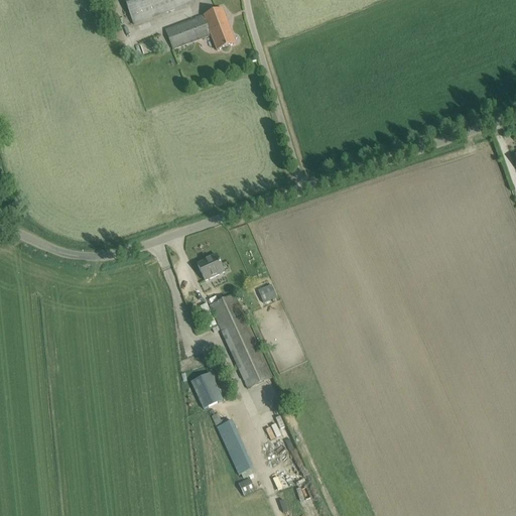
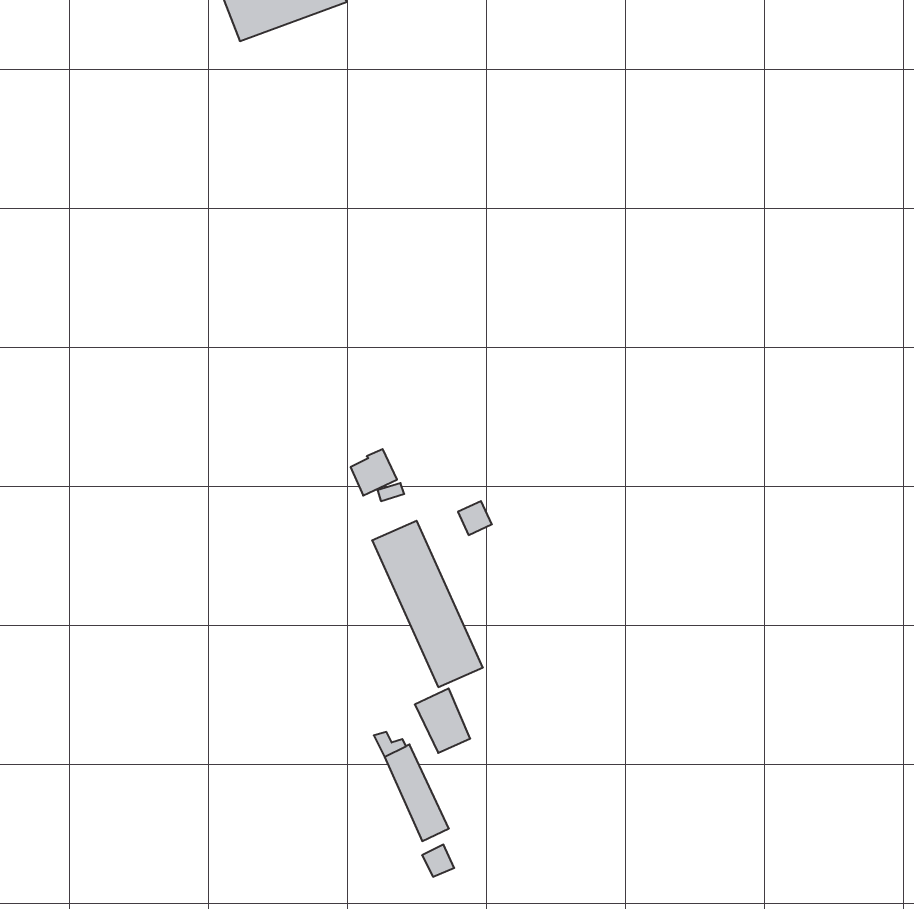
building: [165,6,236,48] -> none
building: [190,371,222,407] -> [415,688,470,753]

